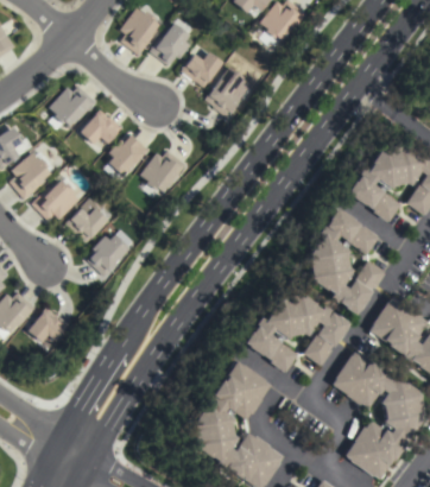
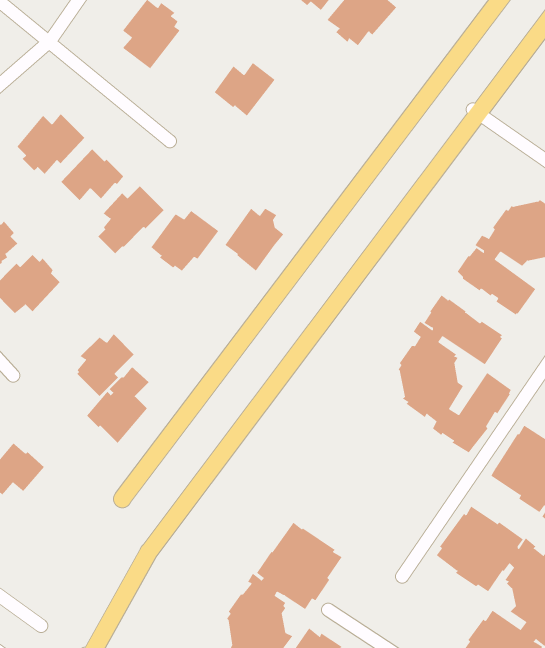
building: [151,23,191,65] -> none
building: [207,75,247,118] -> [224,208,284,271]
building: [67,191,109,244] -> [86,366,150,444]
building: [244,293,349,372] -> none

